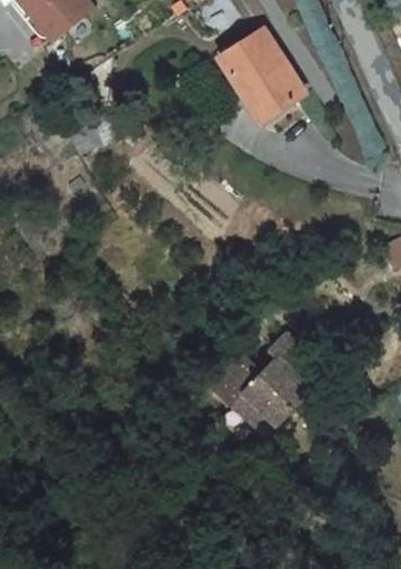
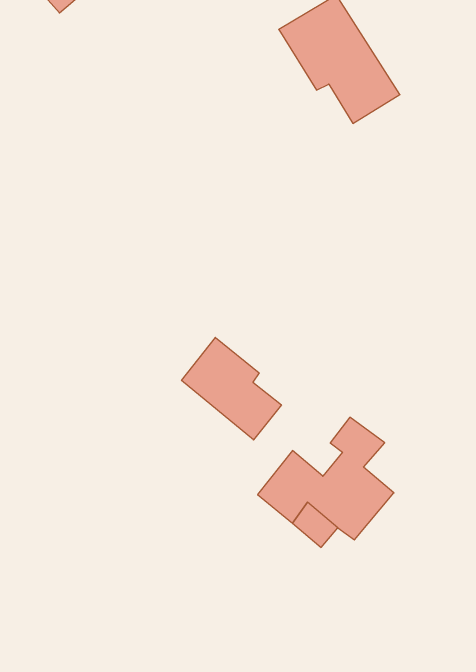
building: none -> [182,337,281,440]

